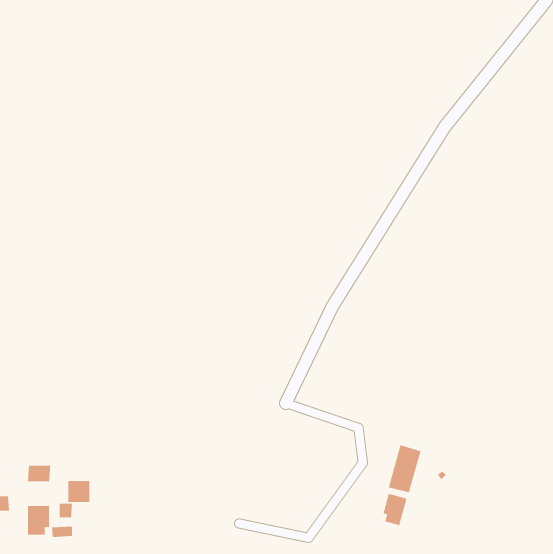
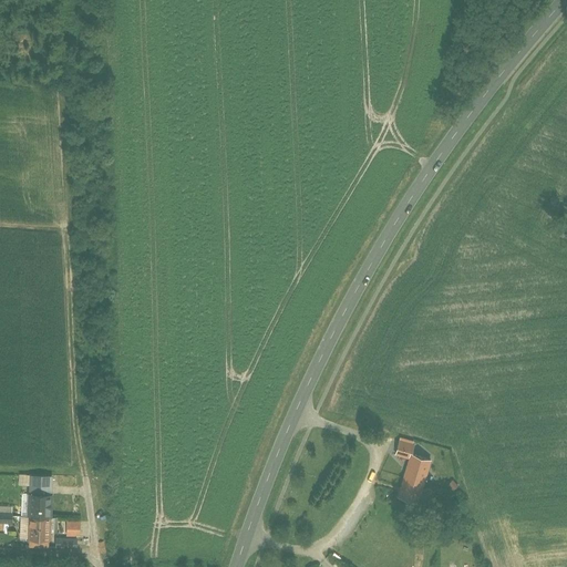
building: [67,480,90,503] -> [28,493,51,516]
building: [382,493,408,526] -> none

